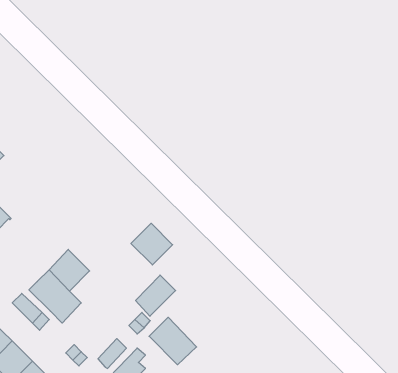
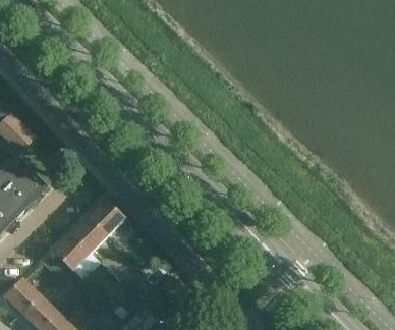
building: [131,223,173,265] -> [90,199,125,234]
building: [136,275,176,316] -> none

